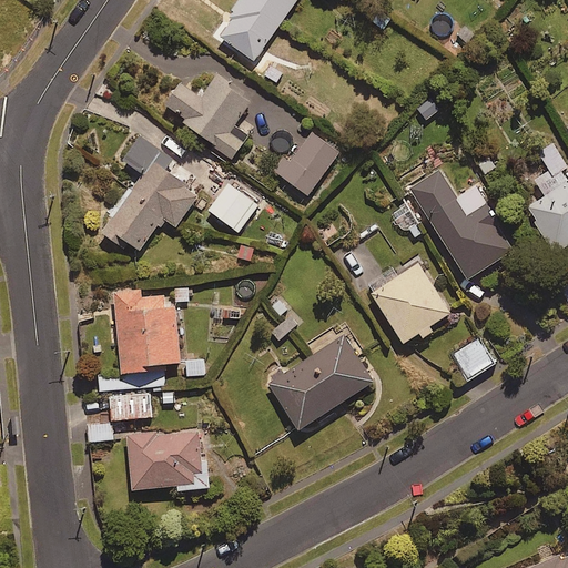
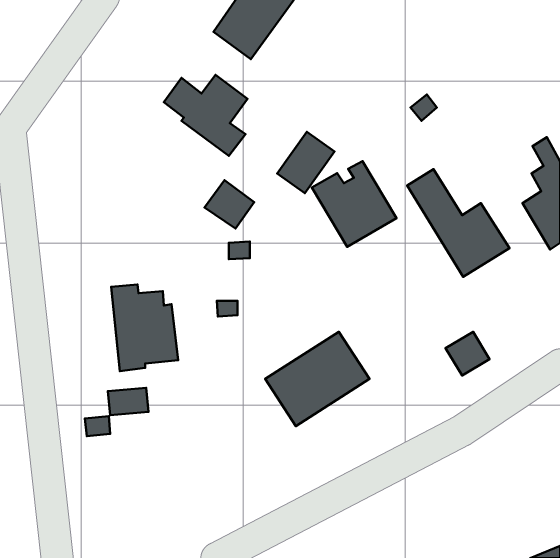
building: [103,136,196,254] -> none
building: [365,256,450,343] -> [312,161,397,247]
building: [126,430,207,490] -> none

